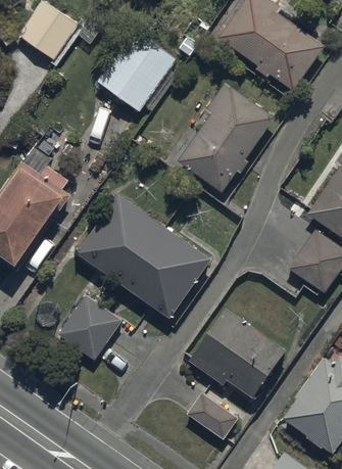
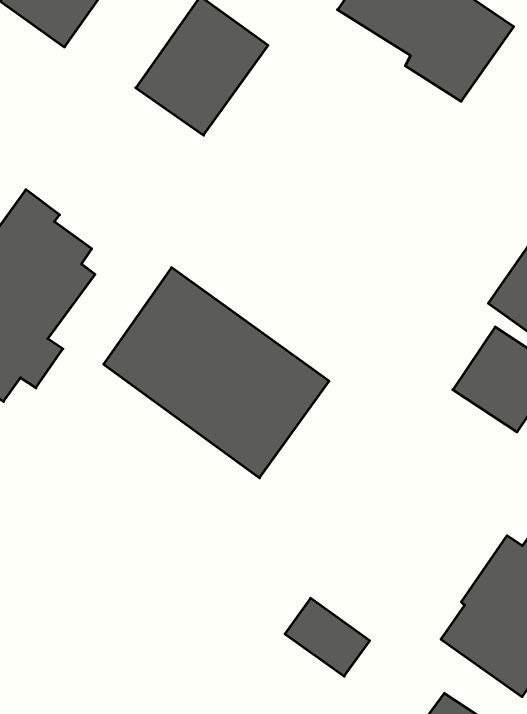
building: [178,82,277,193] -> none
building: [58,294,123,360] -> none
building: [188,303,284,392] -> none

